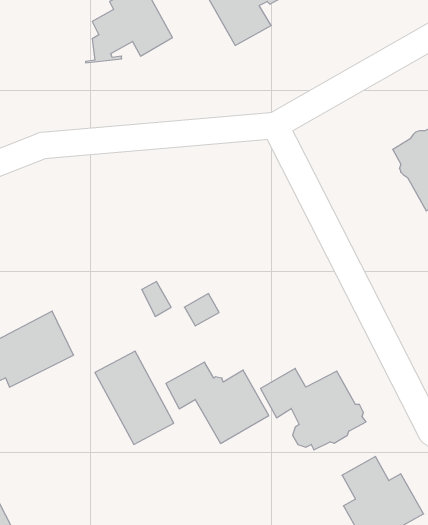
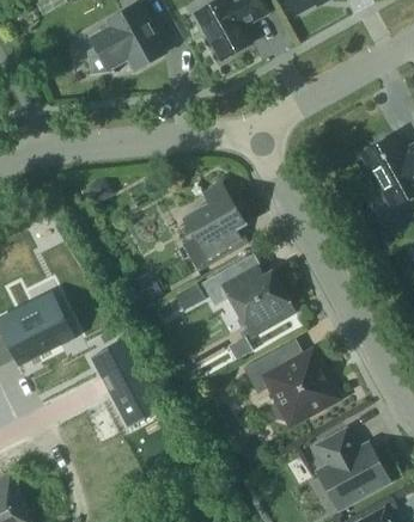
building: none -> [182,183,246,270]
building: [166,362,269,443] -> [201,263,293,336]

